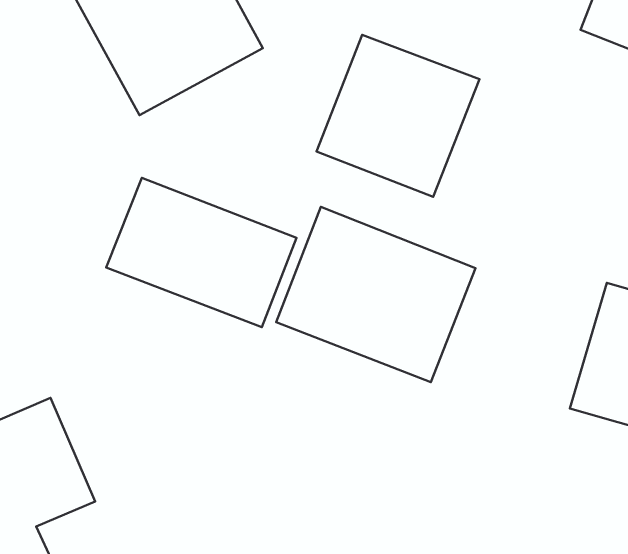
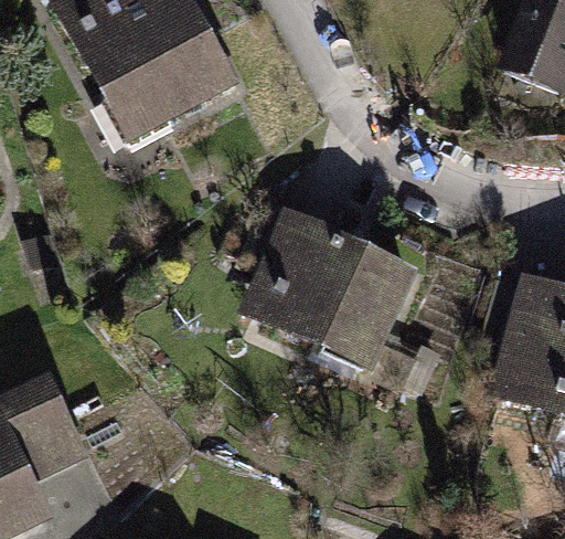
building: [317,35,479,197] -> none
building: [106,178,296,327] -> none

